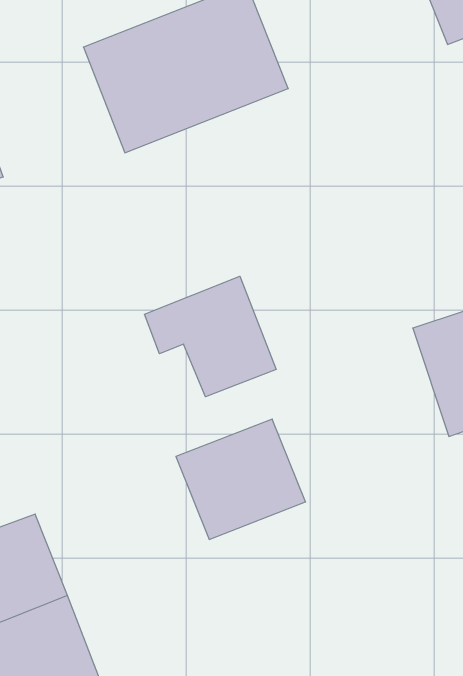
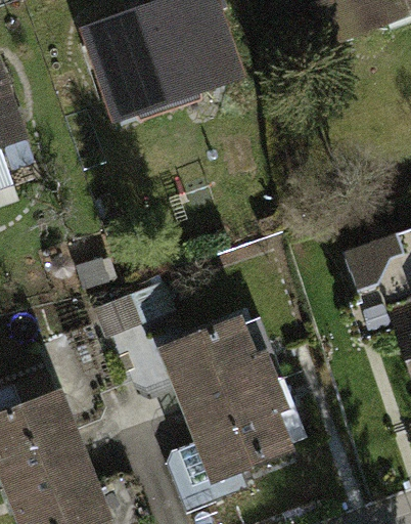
building: [144,276,276,397] -> none
building: none -> [177,385,287,487]

